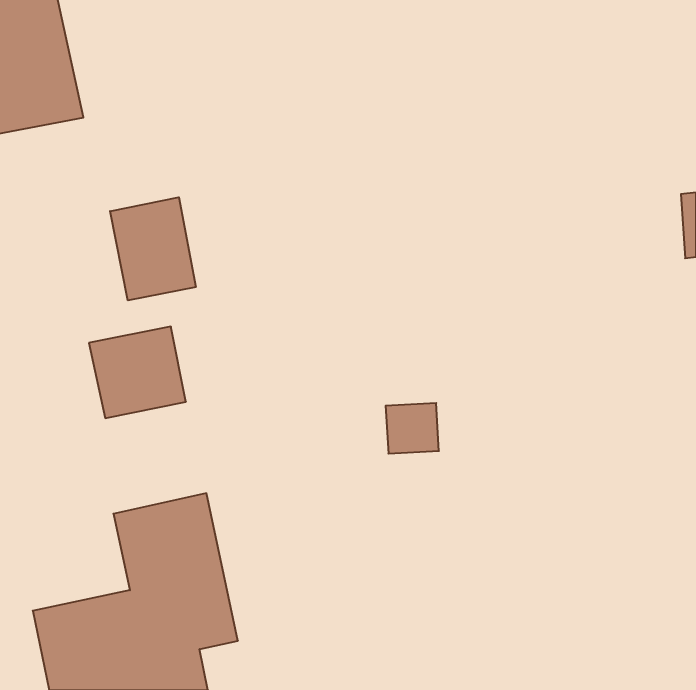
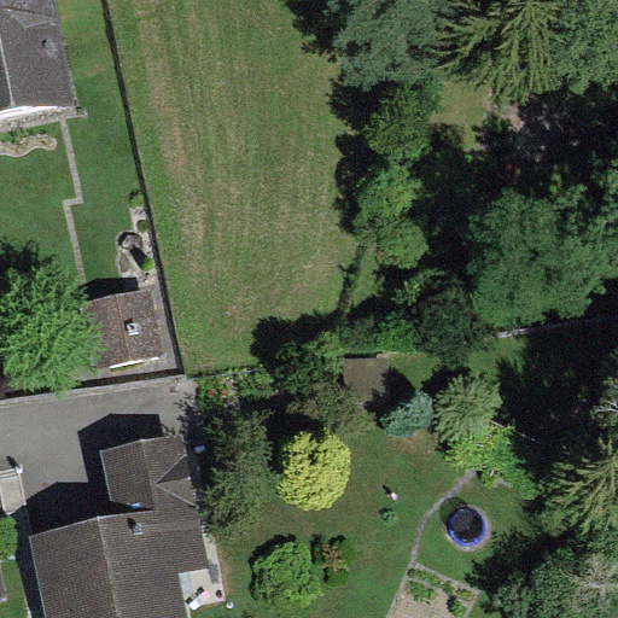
building: [110,197,196,300] -> none

